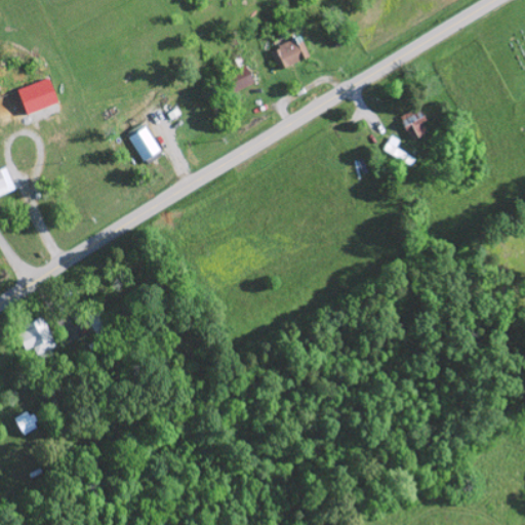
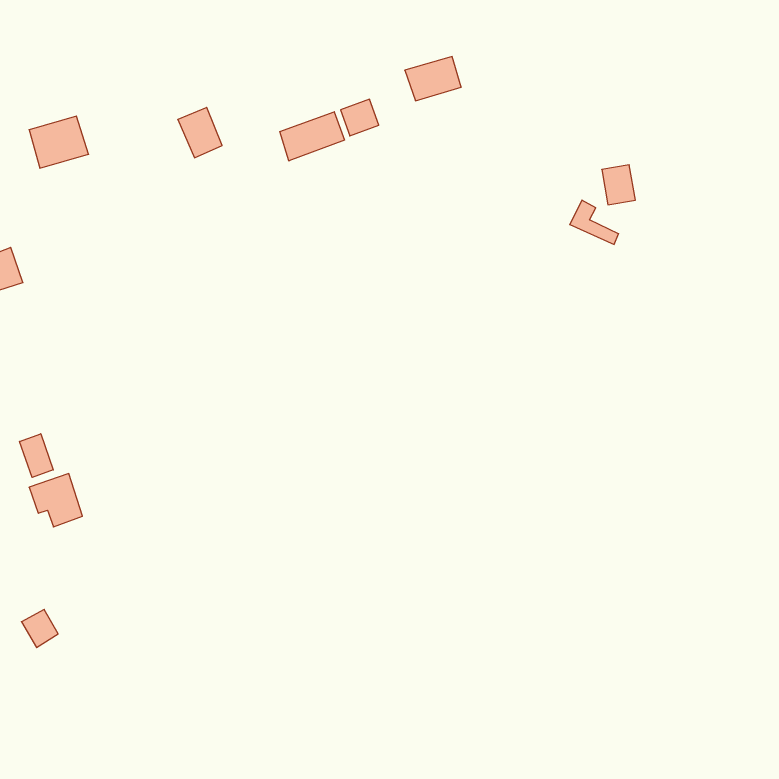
building: none -> [280,112,345,161]
building: [130,127,160,161] -> [178,107,222,158]
building: none -> [20,434,53,477]

